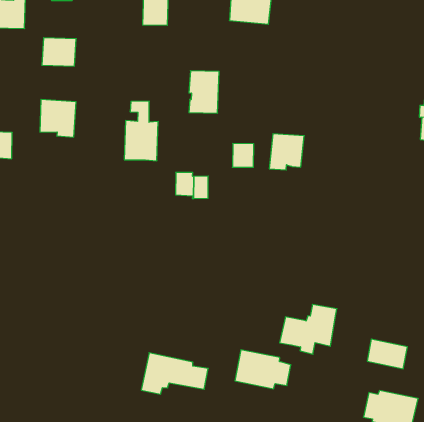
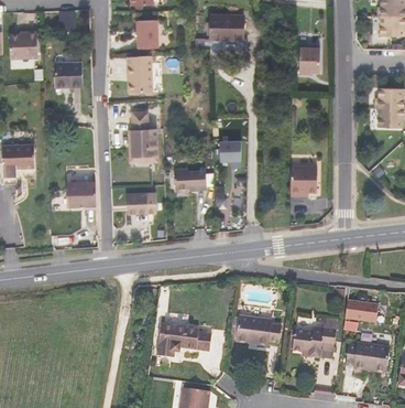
building: none -> [299,47,320,75]
building: [189,71,219,113] -> [128,55,153,92]
building: [40,99,76,137] -> [66,181,96,211]
building: [269,134,304,170] -> [289,167,317,196]
building: none -> [127,193,156,214]
building: [280,304,337,354] -> [292,316,338,358]

